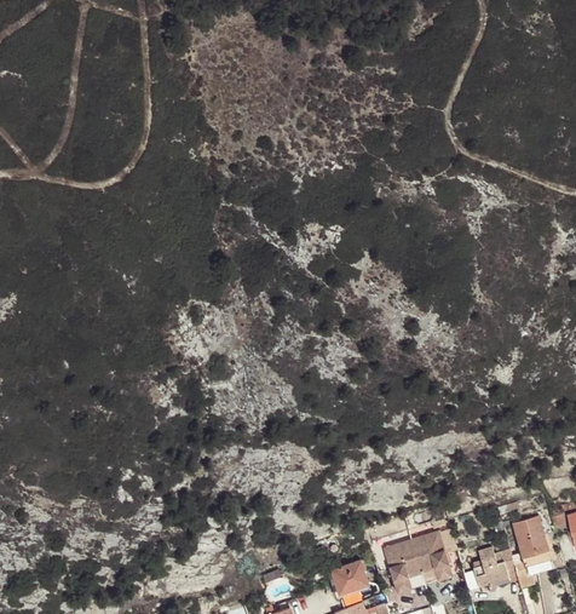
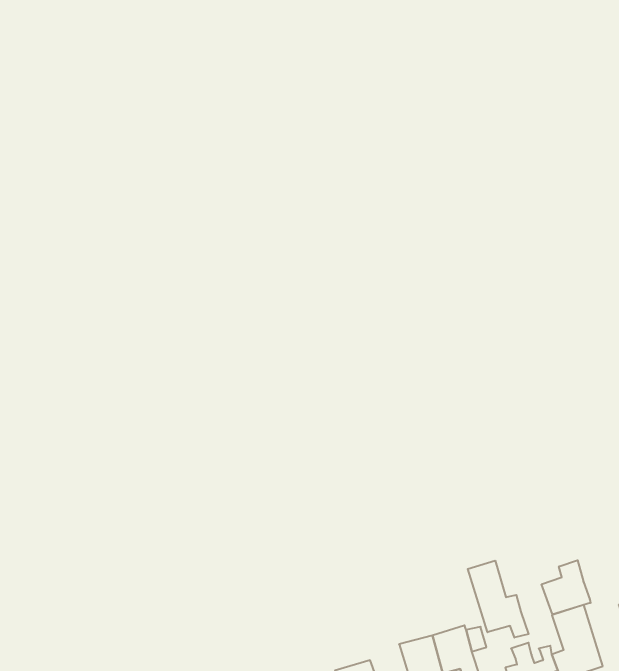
building: none -> [542,560,591,614]
building: none -> [468,561,529,638]

